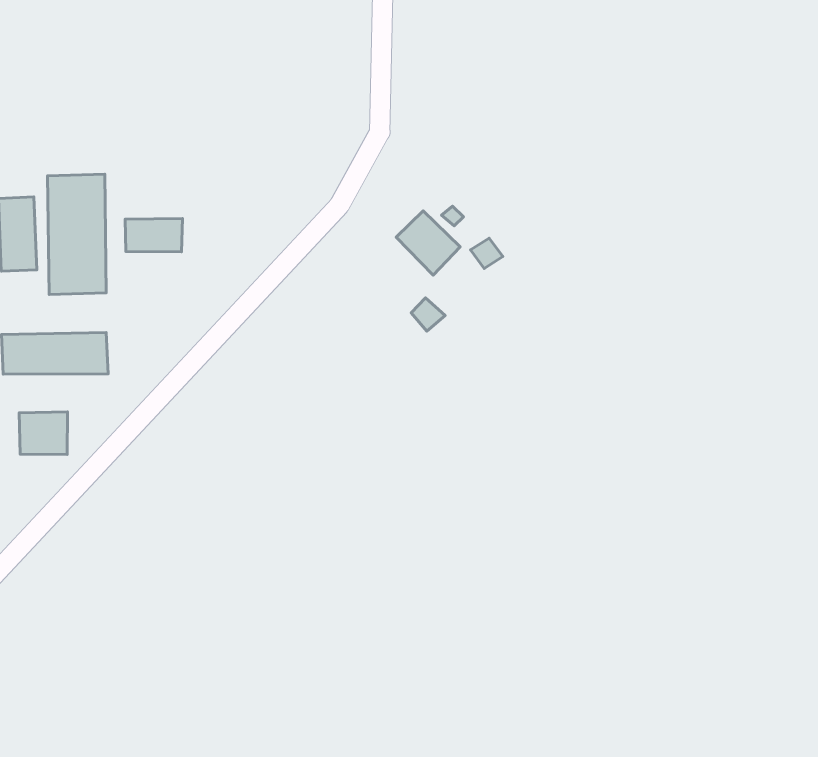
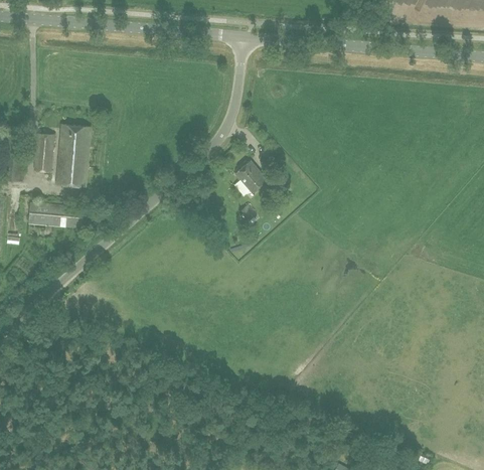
building: [125,219,183,252] -> none
building: [19,412,67,454] -> none

